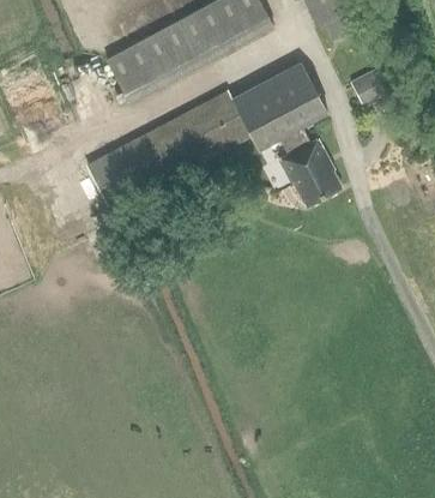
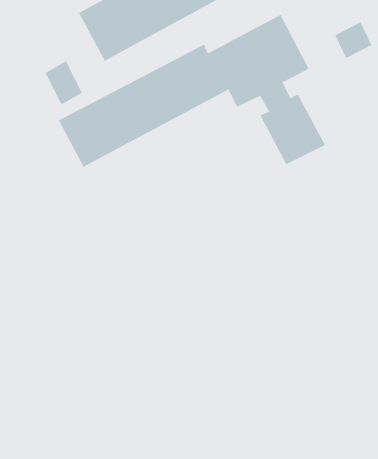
building: none -> [45,60,83,105]

